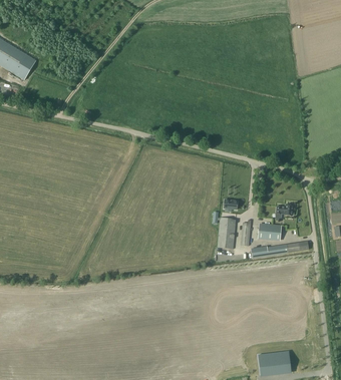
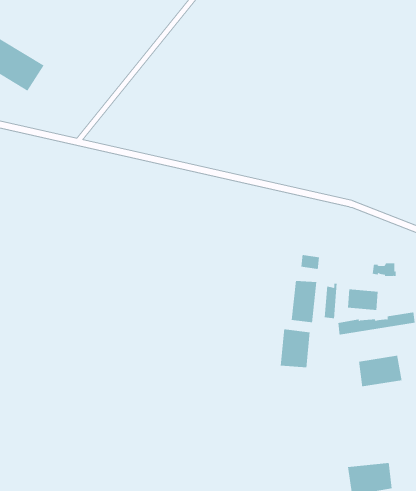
building: none -> [280,329,310,368]
building: none -> [358,355,402,387]

